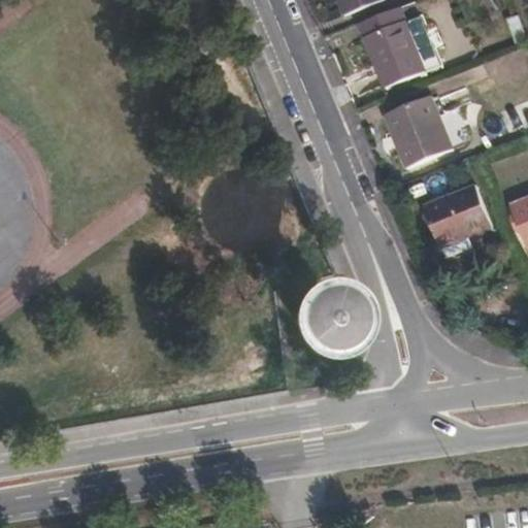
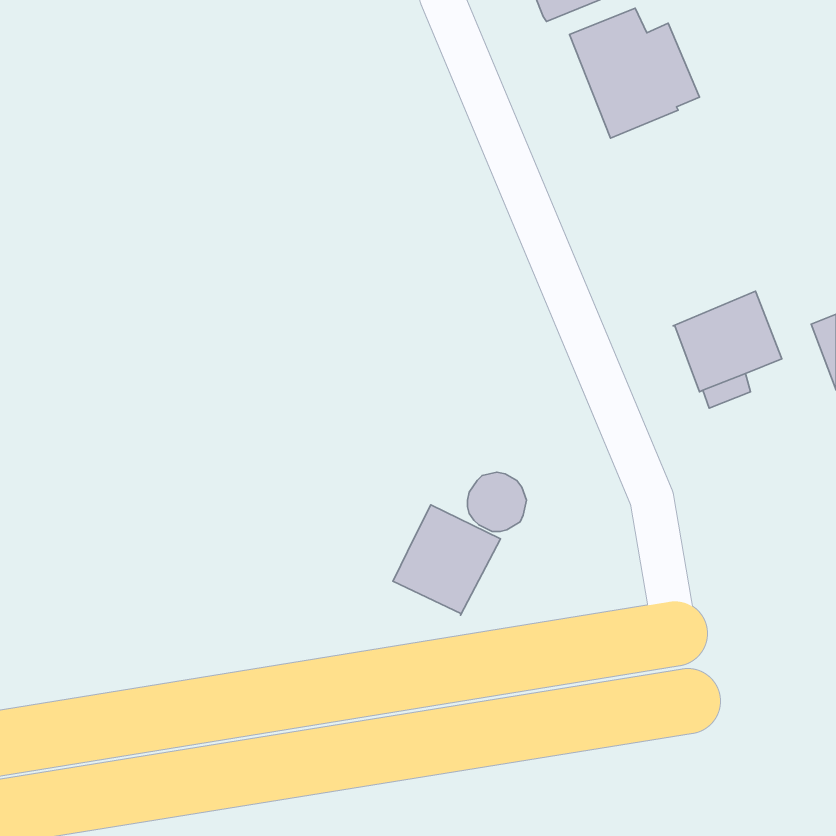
building: [384,94,452,166] -> none
building: none -> [393,505,501,615]

